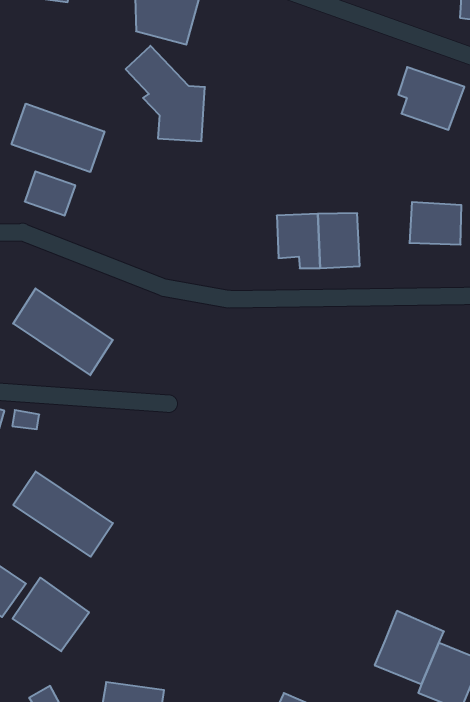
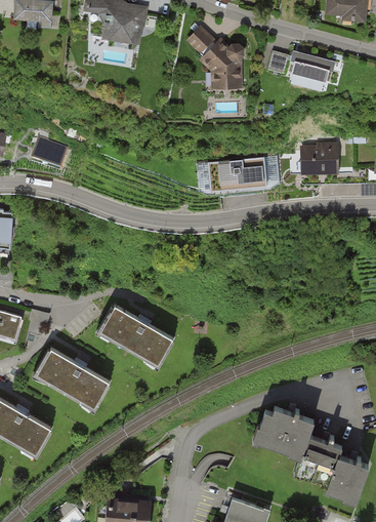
building: [126,46,205,141] -> [185,24,242,88]
building: [12,104,104,172] -> none
building: [13,288,113,375] -> [99,305,170,363]
building: none -> [255,404,315,454]
building: [13,578,89,651] -> none

